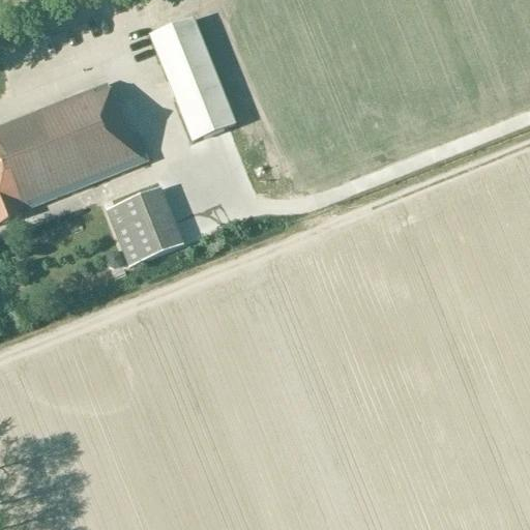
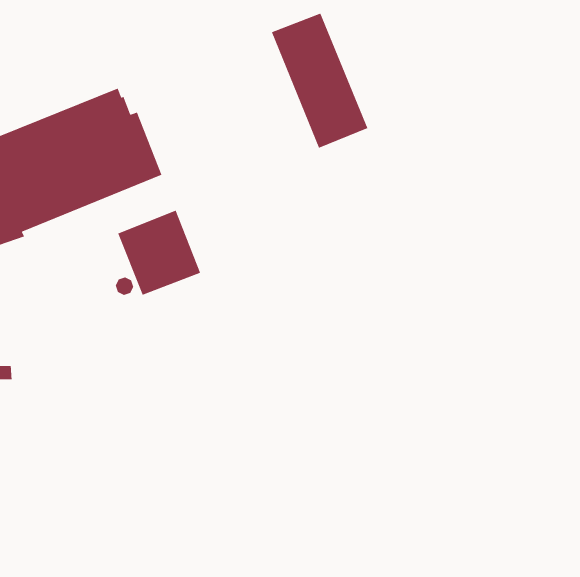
building: [148,18,237,142] -> [271,12,369,149]

